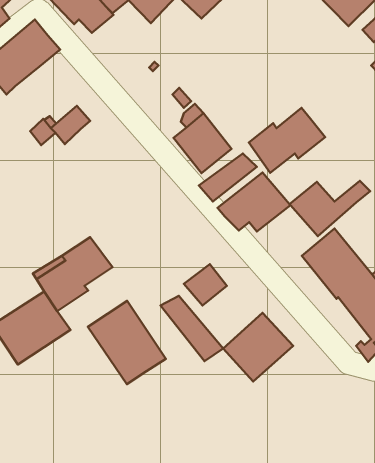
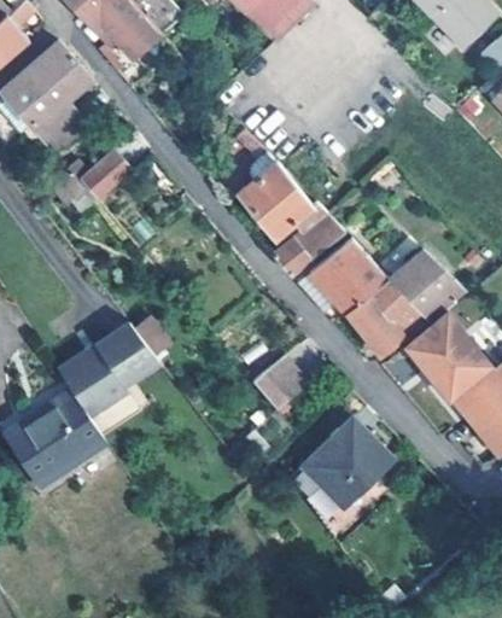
building: none -> [34,101,86,151]
building: [249,108,325,173] -> none
building: none -> [345,280,424,356]
building: [161,296,223,361] -> none
building: [88,301,166,384] -> none

